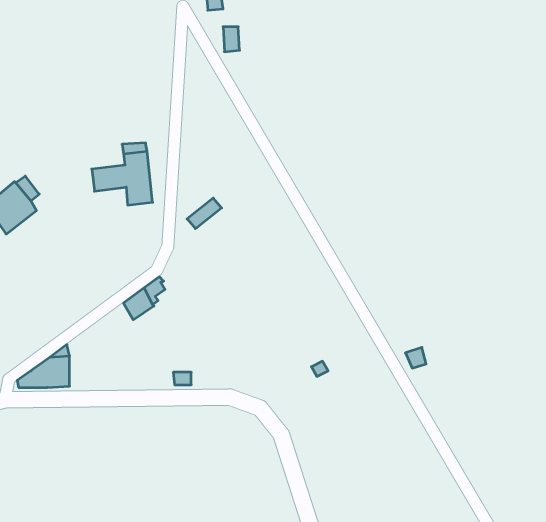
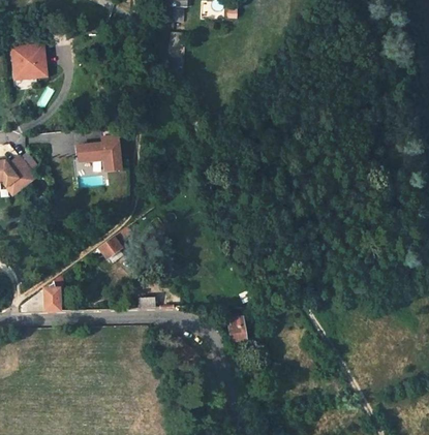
building: none -> [13,44,47,76]
building: none -> [223,314,246,341]

